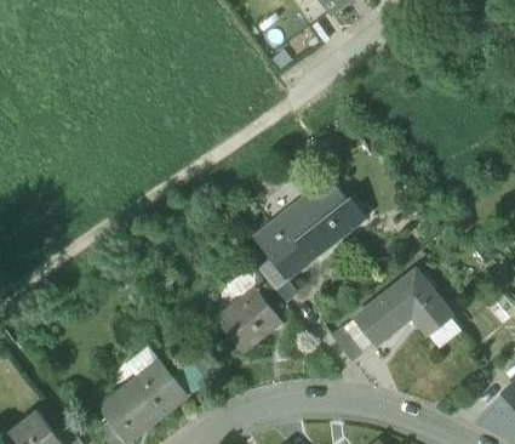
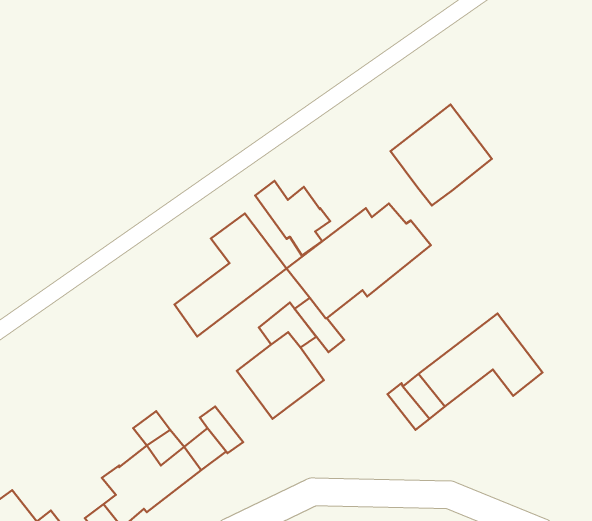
building: none -> [391,105,492,205]
building: none -> [255,181,330,256]
building: none -> [174,214,287,336]

